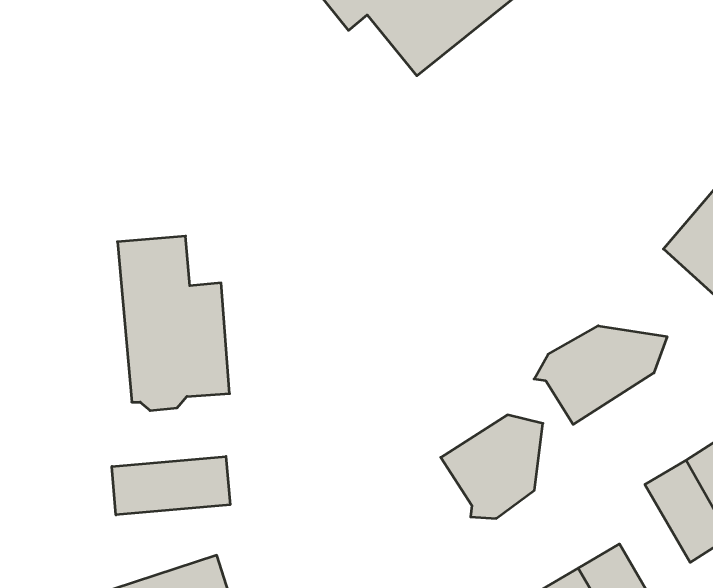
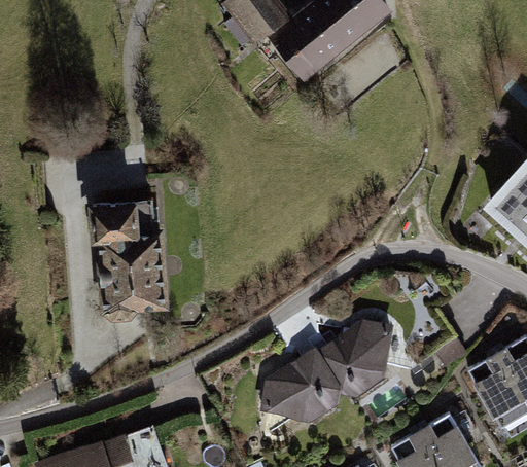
building: [534,326,667,424] -> none
building: none -> [264,350,343,422]
building: [112,456,230,515] -> none

